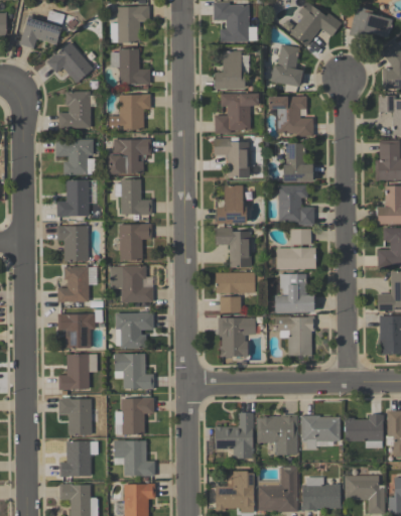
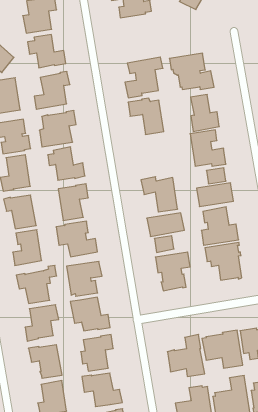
building: [270,43,302,87] -> none
building: [215,50,244,89] -> none
building: [216,185,246,224] -> none

